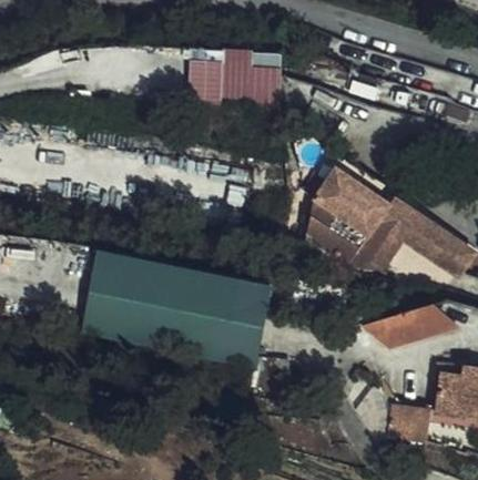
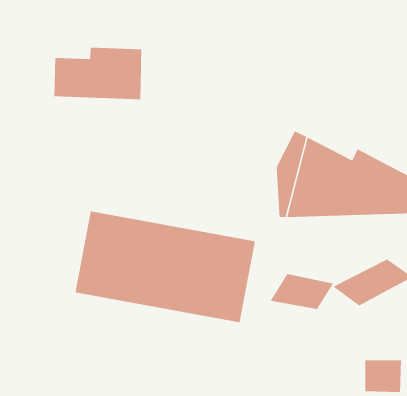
building: [191,52,285,109] -> [54,47,142,100]
building: none -> [270,273,334,310]

